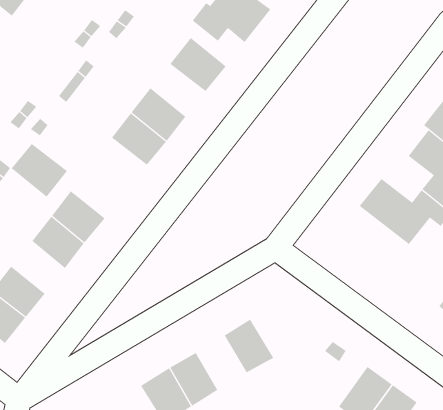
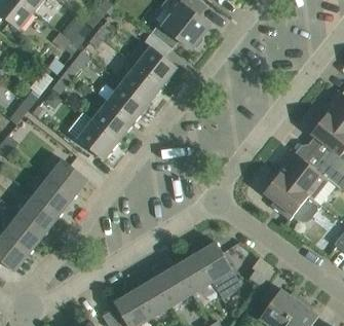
building: none -> [120,65,161,104]
building: [11,143,68,198] -> [76,119,118,159]
building: none -> [263,170,319,221]
building: none -> [17,195,58,234]
building: none -> [194,241,241,297]
building: none -> [154,265,191,305]

